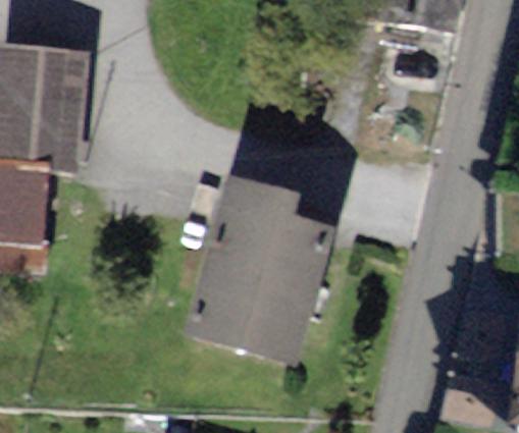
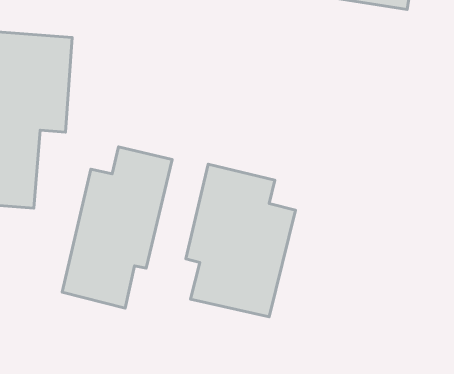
building: none -> [62,147,172,308]

